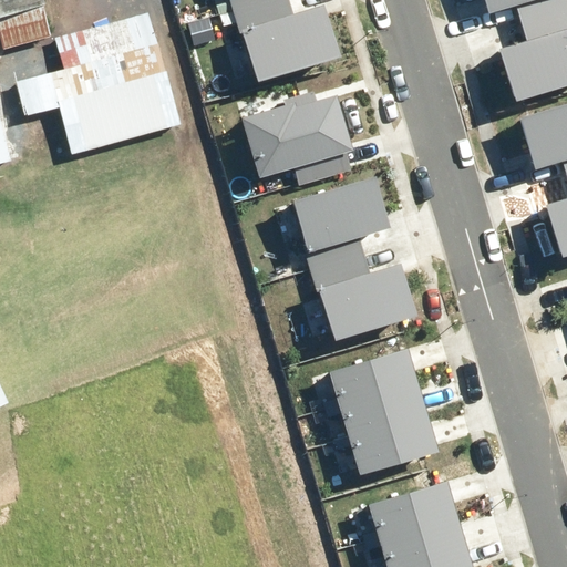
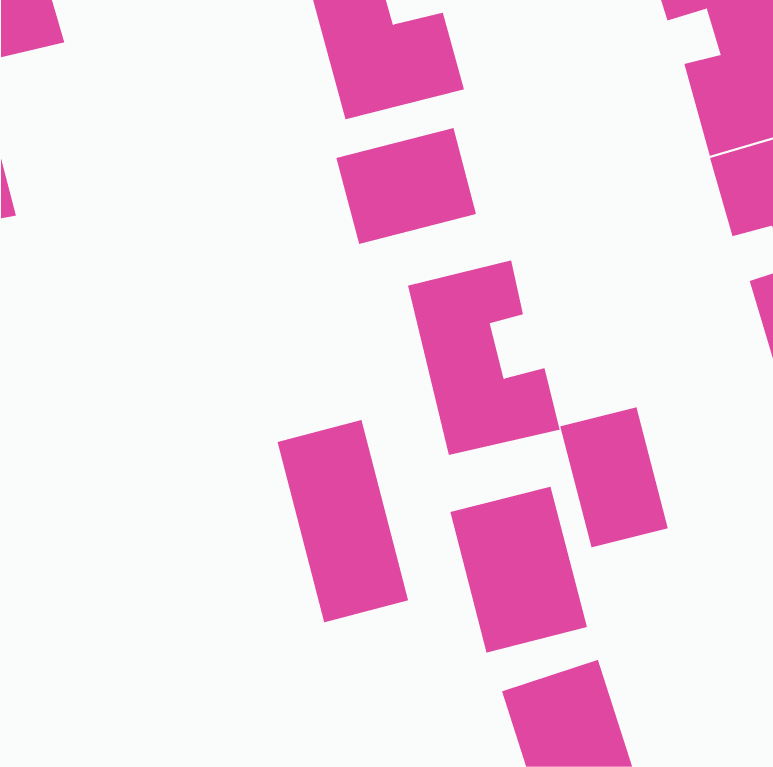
building: [14,7,178,146] -> none
building: none -> [559,406,668,548]
building: none -> [277,419,409,623]

